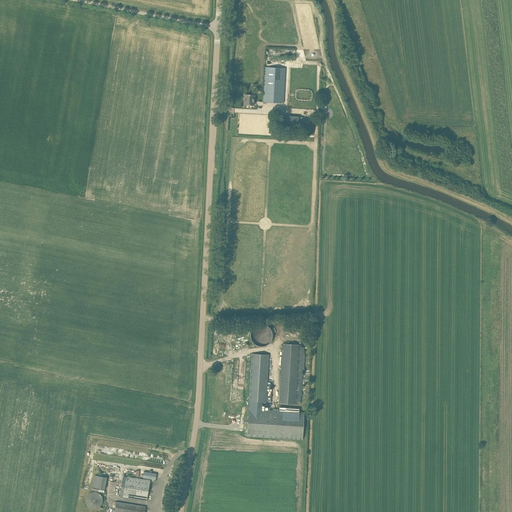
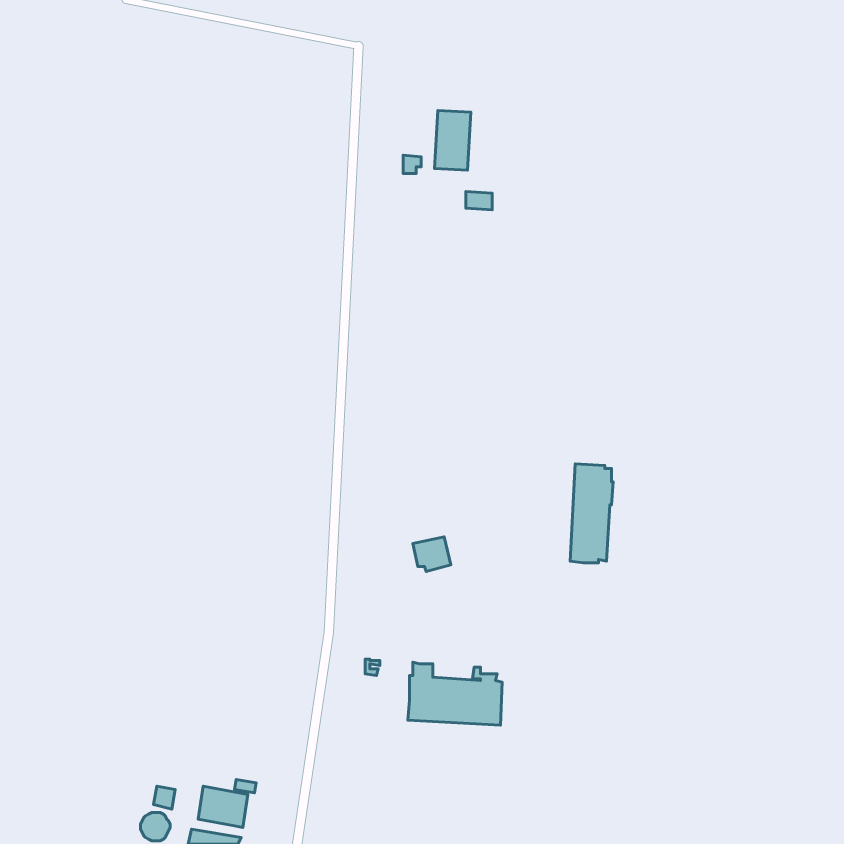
building: [279,344,305,404] -> [570,464,613,563]
building: [249,354,269,402] -> none

